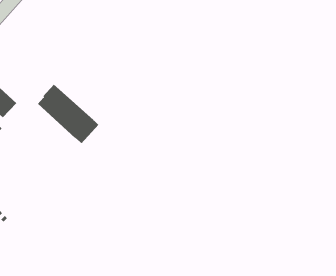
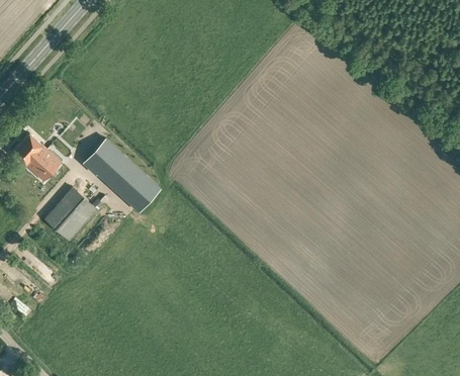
building: none -> [44,187,97,241]

